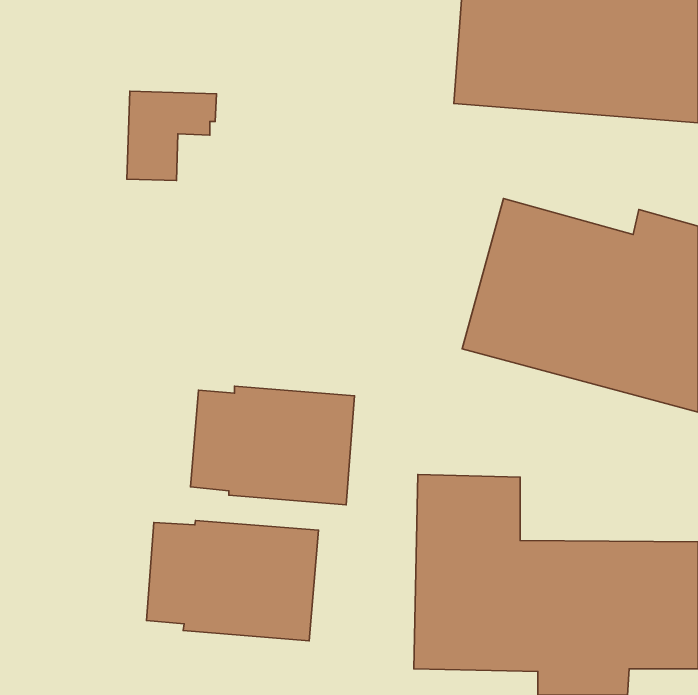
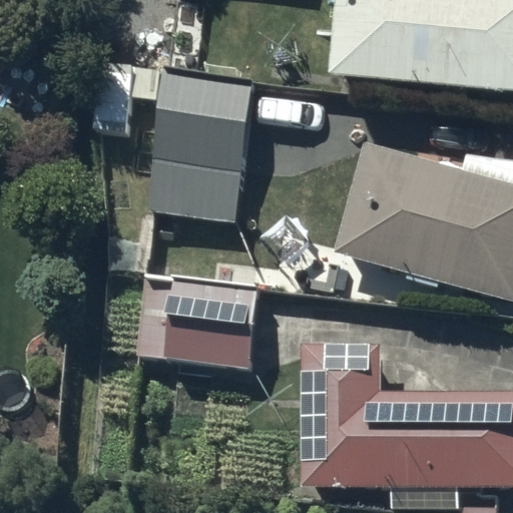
building: none -> [152,76,248,221]
building: [147,521,319,641] -> none

